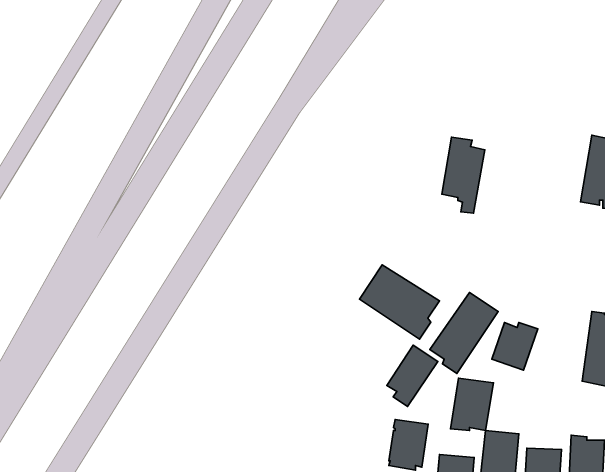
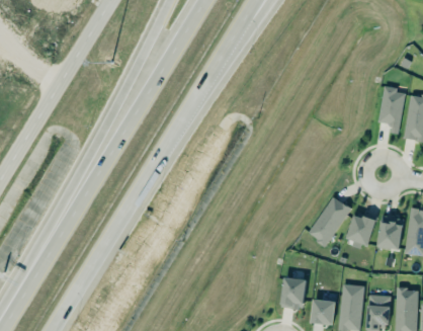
building: [442,137,485,213] -> [377,86,405,135]
building: [359,265,439,339] -> none
building: [387,345,438,407] -> none
building: [451,378,493,431] -> [376,217,404,250]

